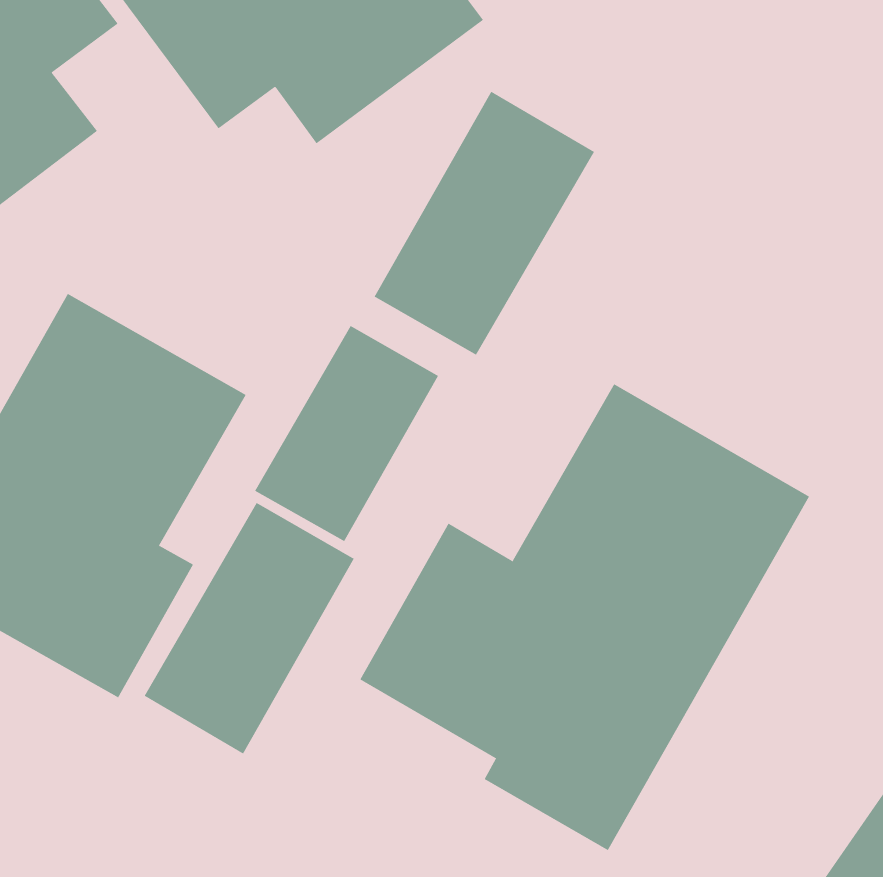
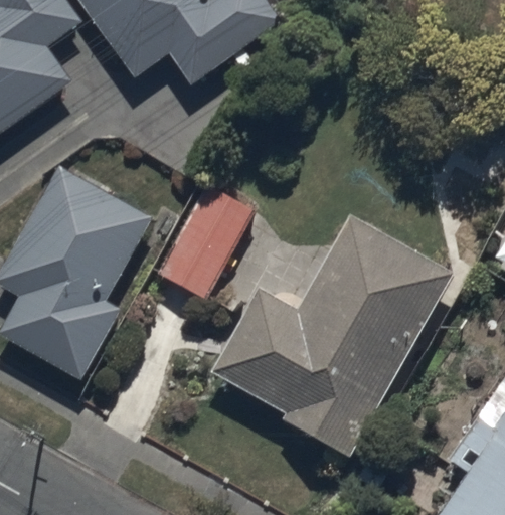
building: [374,91,595,356] -> none
building: [144,502,355,754] -> none

